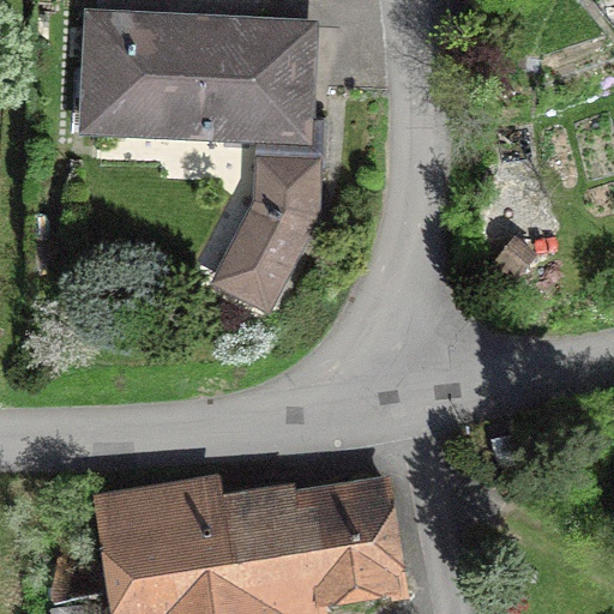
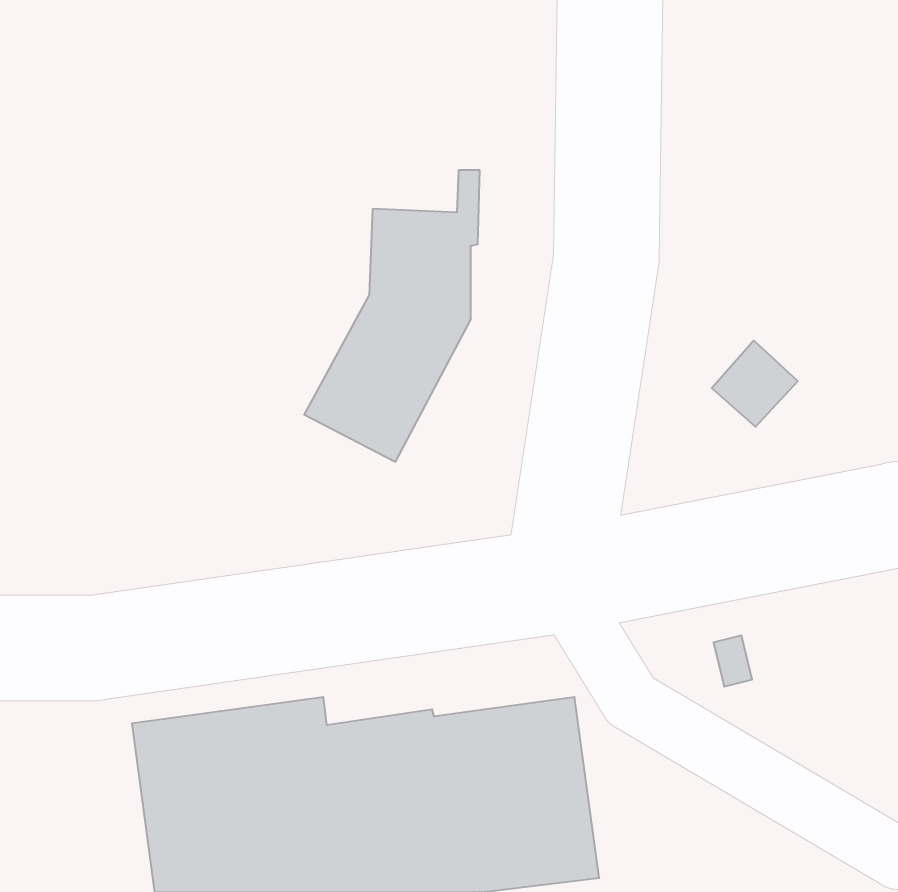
building: [77,10,318,145] -> none

